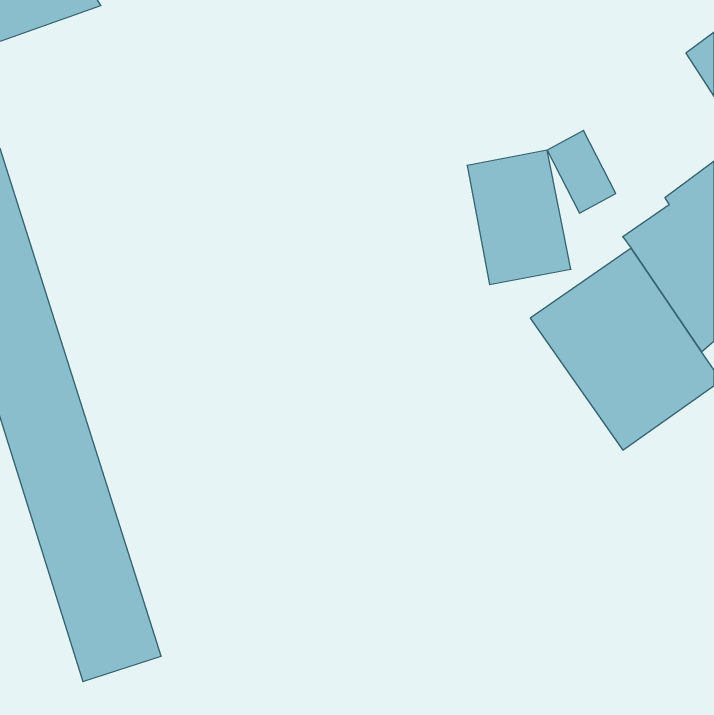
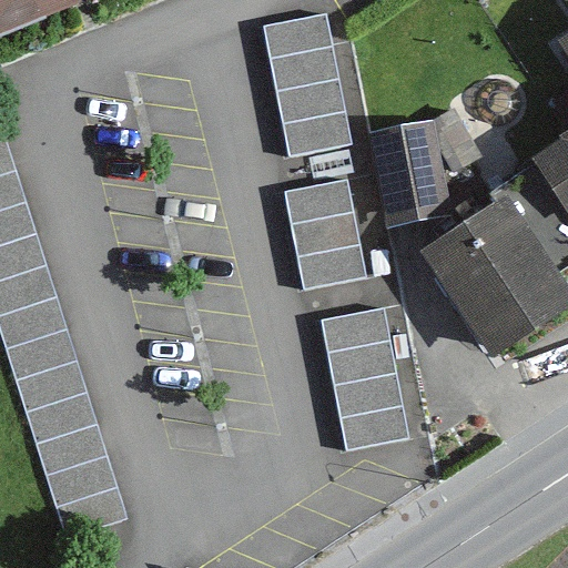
building: none -> [261,14,353,158]
building: none -> [283,179,367,290]
building: none -> [321,308,407,449]

